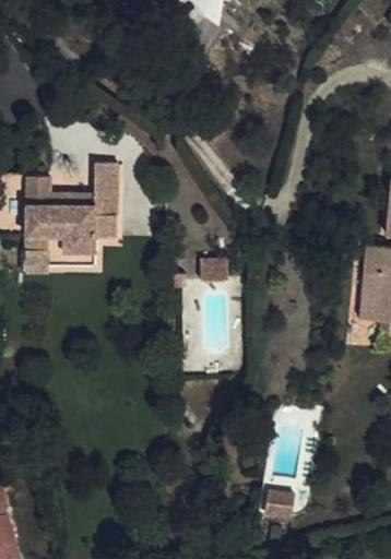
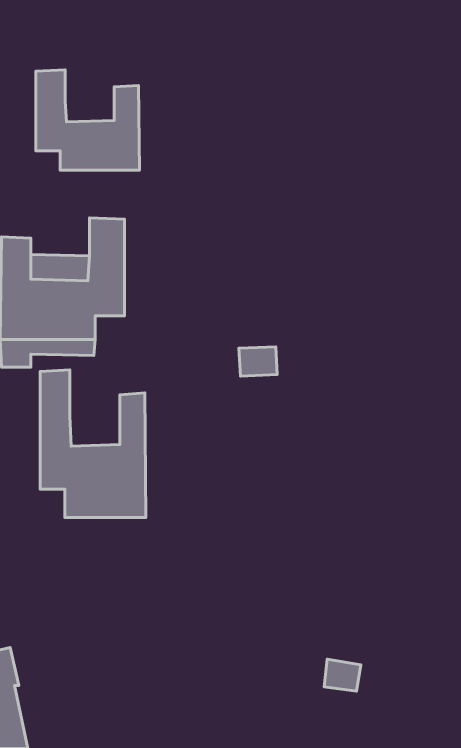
building: none -> [36,70,140,170]
building: none -> [40,370,146,518]

